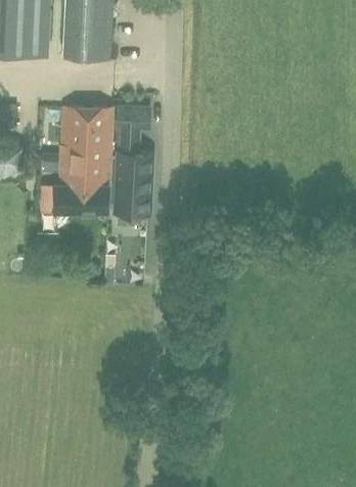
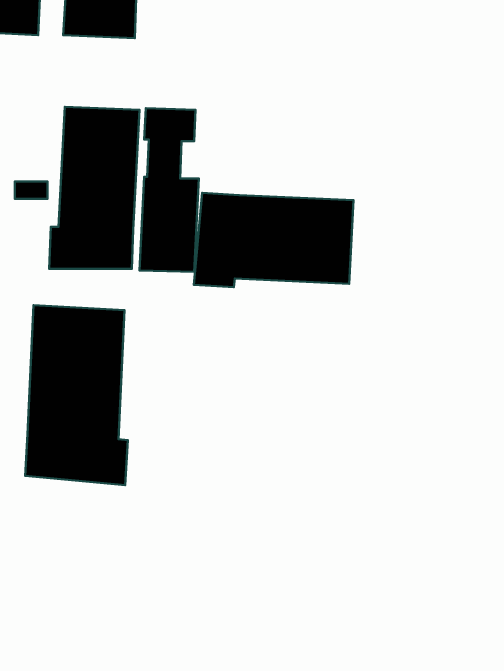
building: none -> [194,193,354,287]
building: none -> [25,305,128,485]

